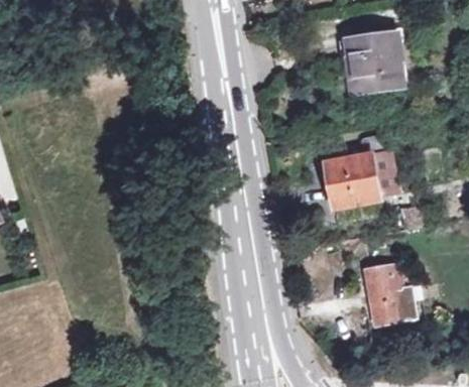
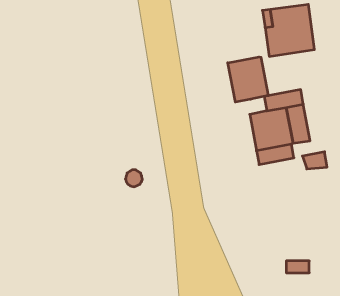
building: none -> [228,57,268,102]
building: [370,264,420,324] -> none

